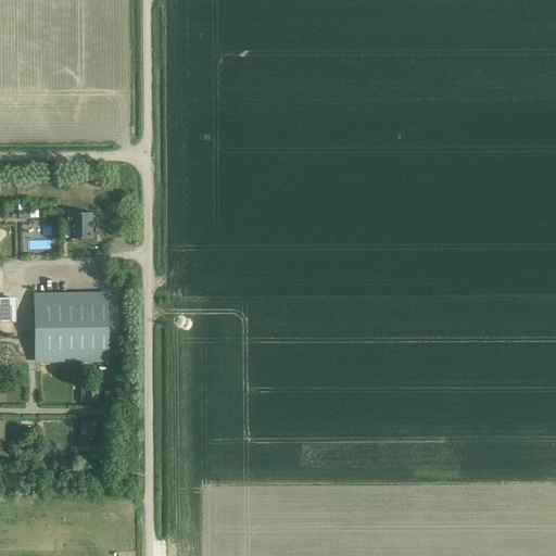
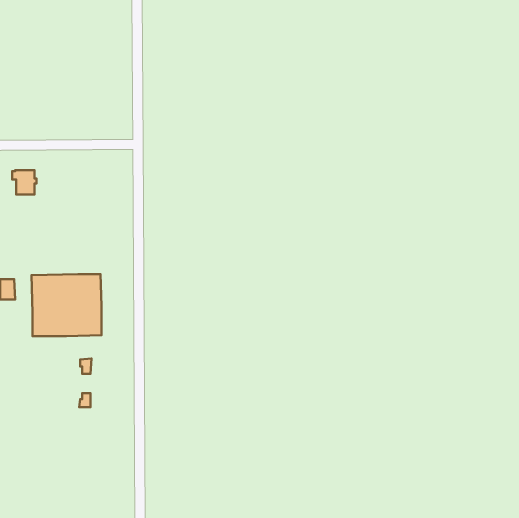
building: [67,212,93,238] -> [12,170,36,195]

